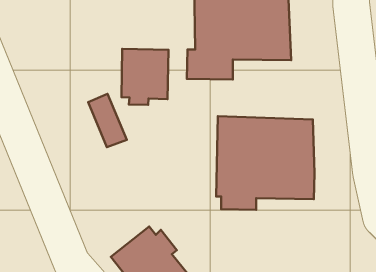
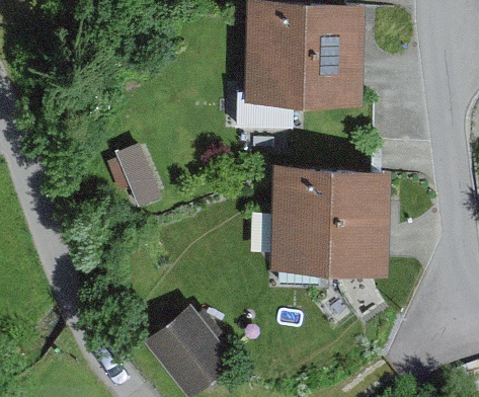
building: [121,49,168,105] -> none

